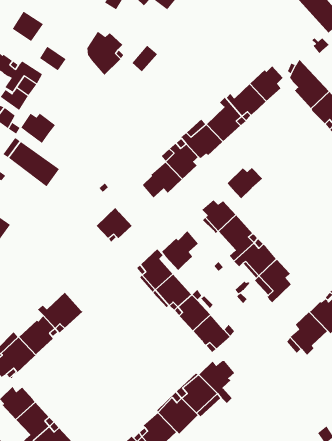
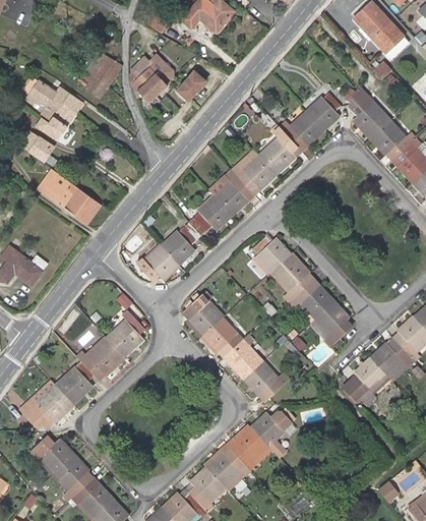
building: [12,11,44,42] -> [86,52,121,85]
building: [20,113,56,144] -> none
building: [227,167,263,199] -> none
building: [161,230,199,271] -> [161,222,201,266]
building: none -> [106,314,145,358]

